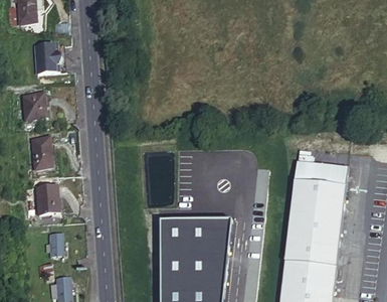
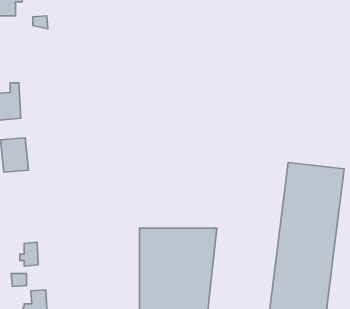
building: [38,44,65,72] -> none
building: [36,187,59,216] -> none

